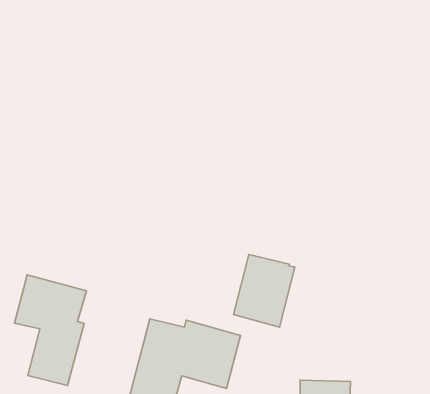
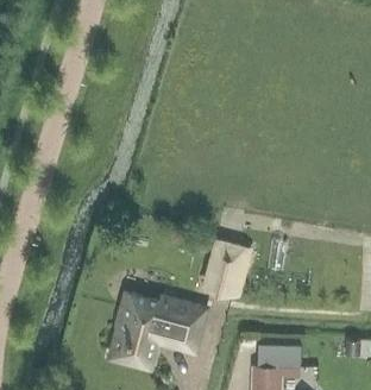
building: [15,275,87,385] -> none

